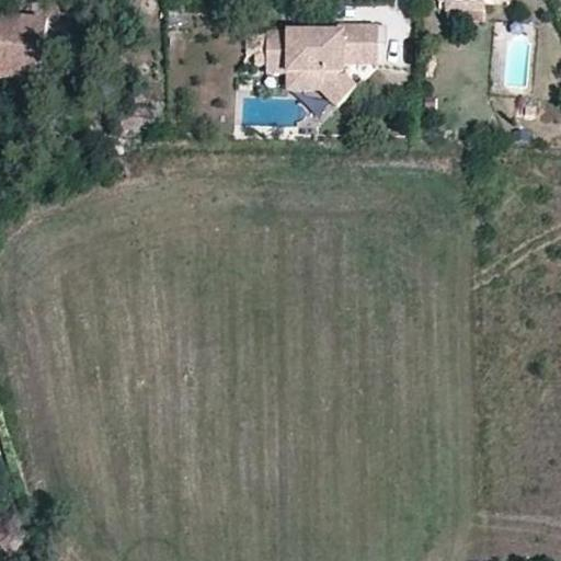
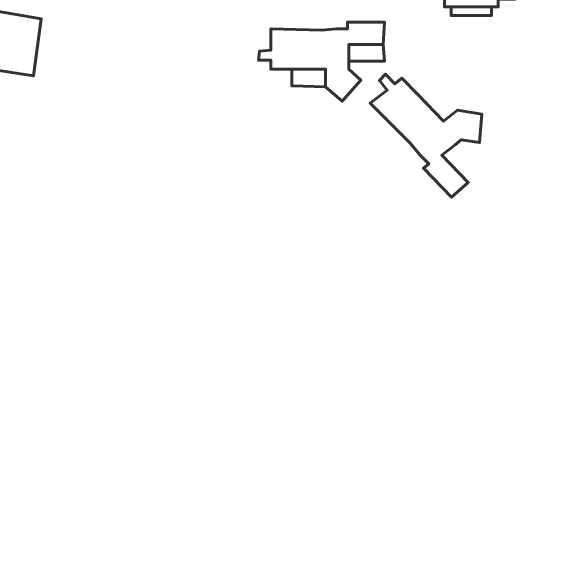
building: none -> [370,74,482,197]

